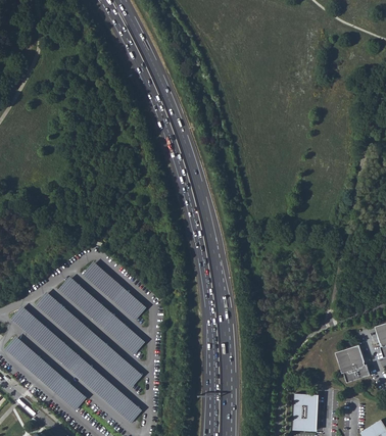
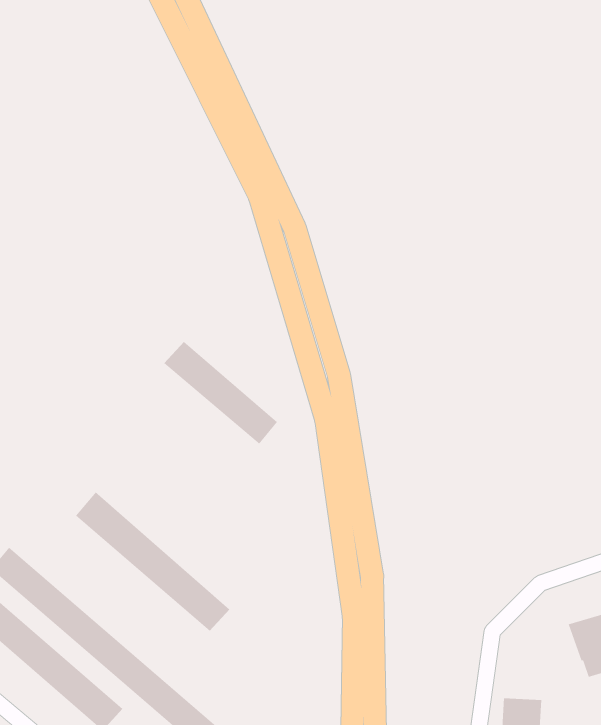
building: [82,263,145,321] -> [164,341,278,444]
building: [36,293,142,388] -> none

